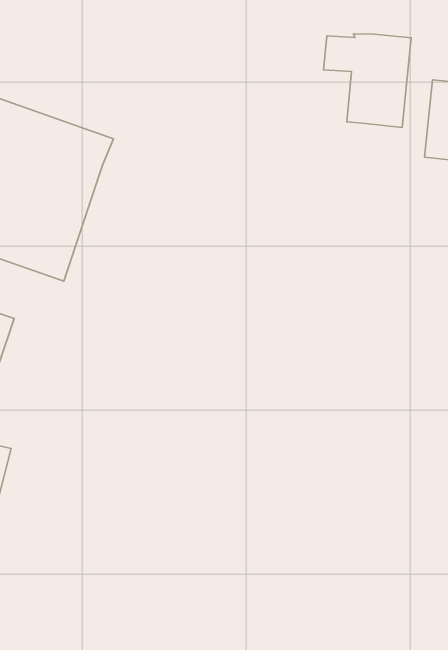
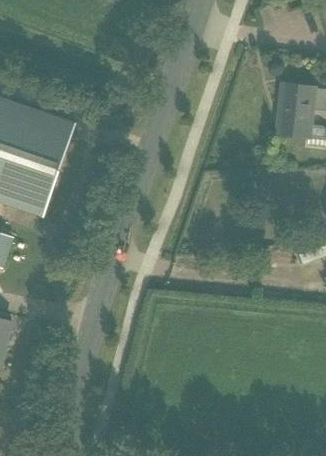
building: [324,34,411,127] -> none

